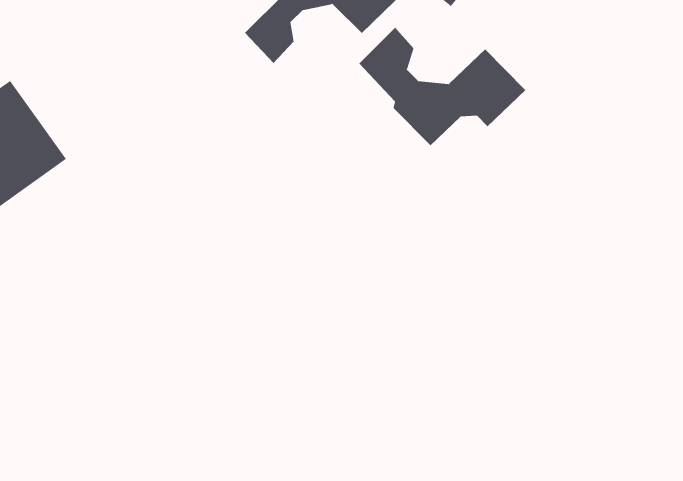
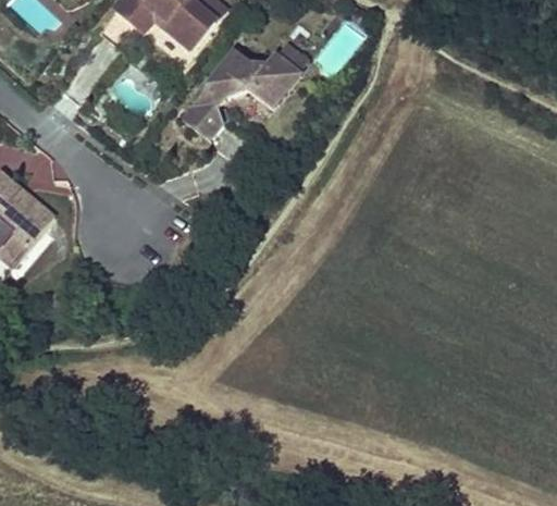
building: [358,27,526,146] -> none

